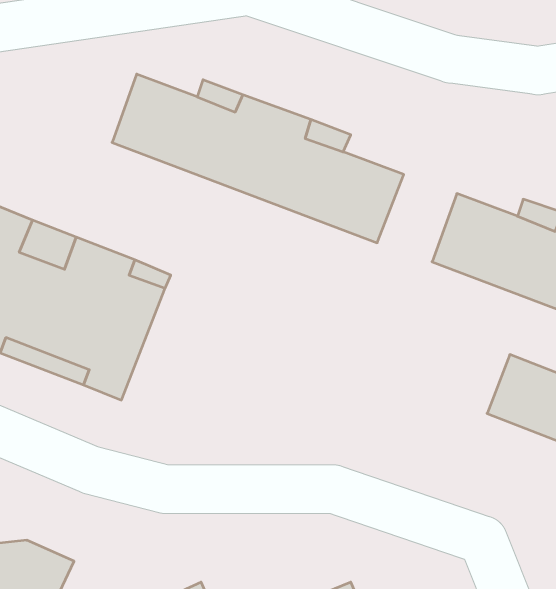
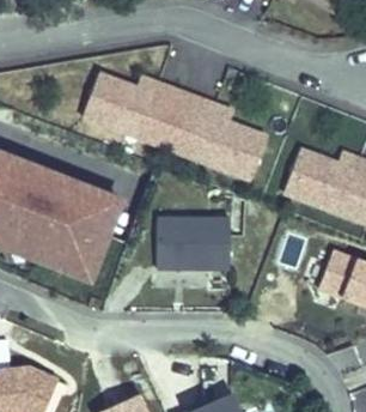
building: none -> [157,218,230,268]

